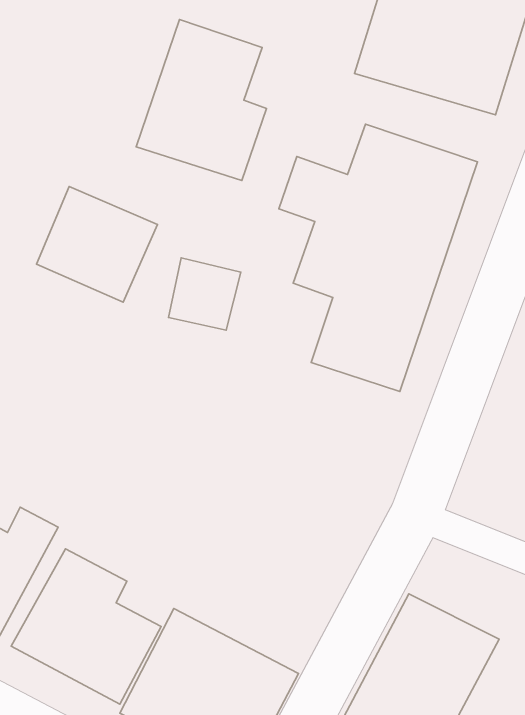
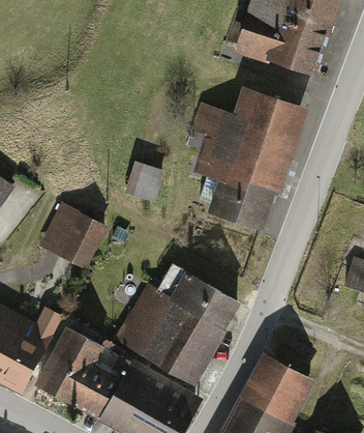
building: [136,19,266,180] -> none
building: [37,186,158,302] -> [40,203,110,269]
building: none -> [114,273,238,386]

